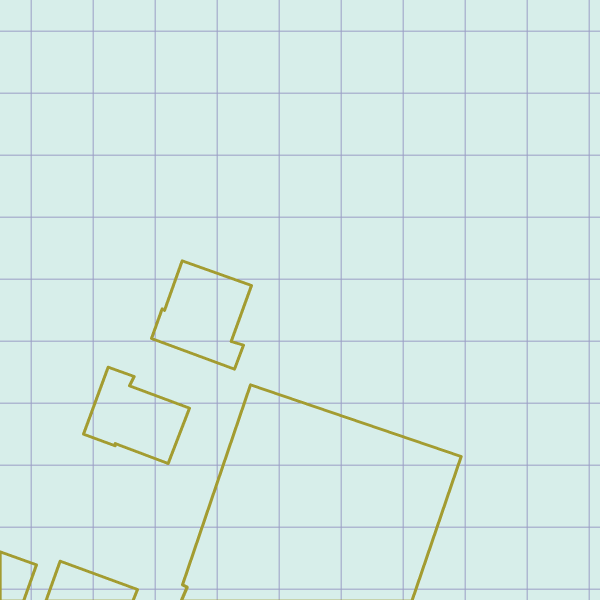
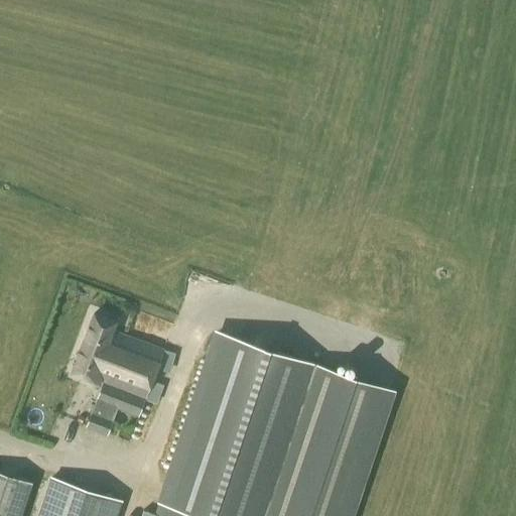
building: [151,261,251,369] -> none
building: none -> [88,383,145,435]

